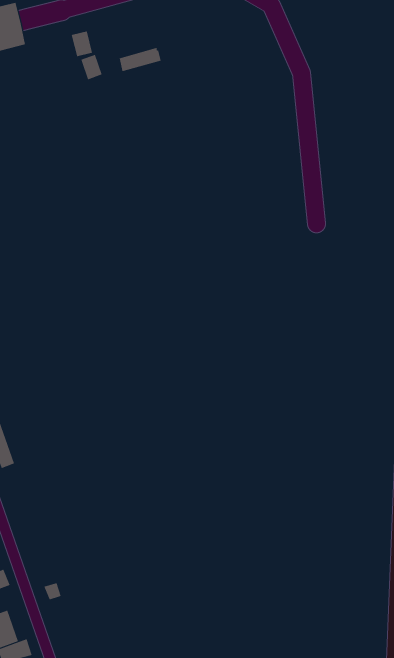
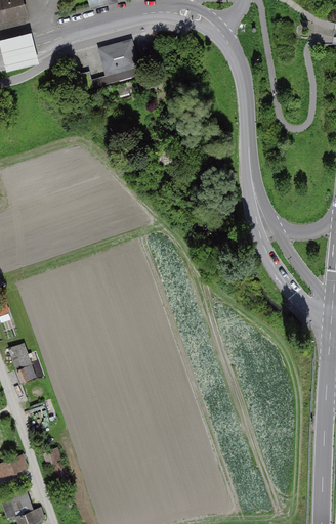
building: none -> [100,47,137,74]

